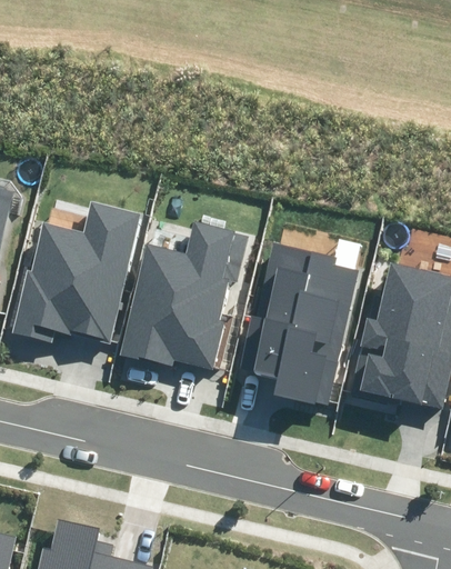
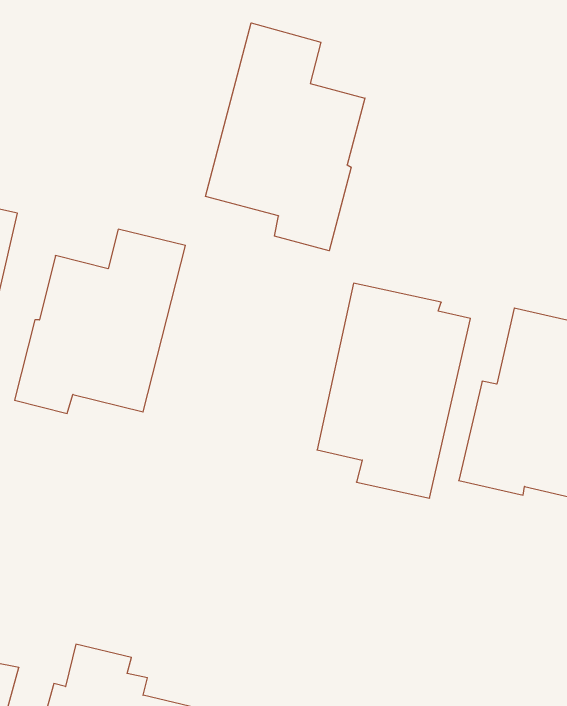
building: none -> [206,23,365,251]
building: [118,222,250,369] -> none

